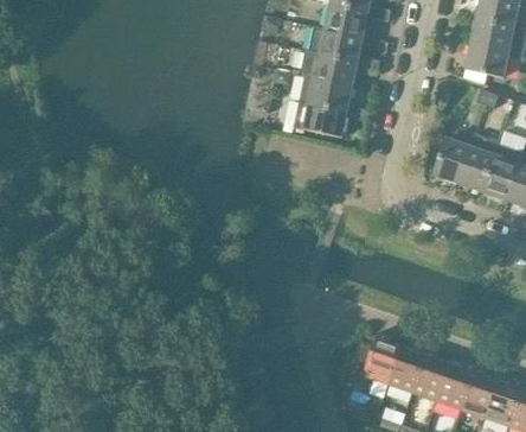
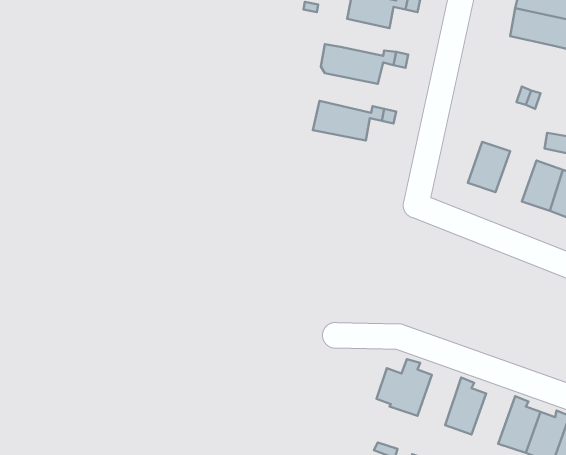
building: [319,28,363,62] -> none
building: [464,44,508,78] -> none
building: [300,77,352,113] -> none
building: [457,134,499,192] -> none
building: [387,347,426,393] -> none
building: [436,363,475,409] -> none

